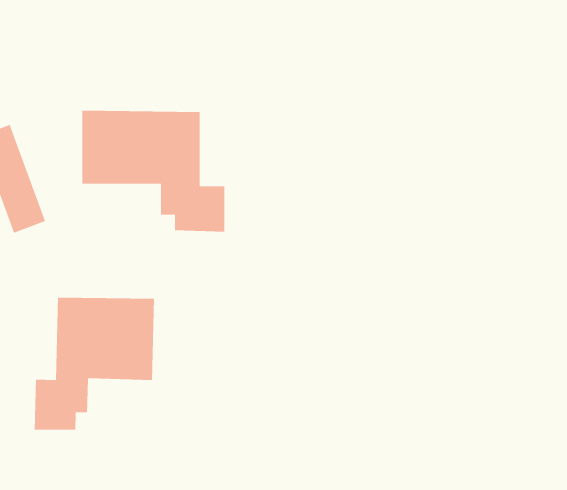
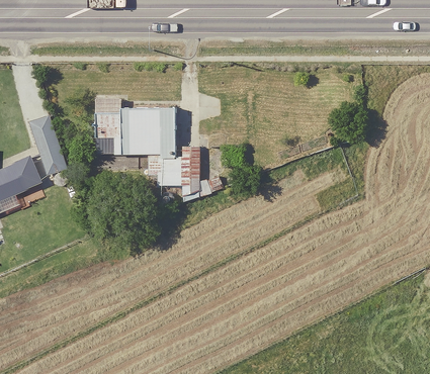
building: [34,297,154,431] -> none

